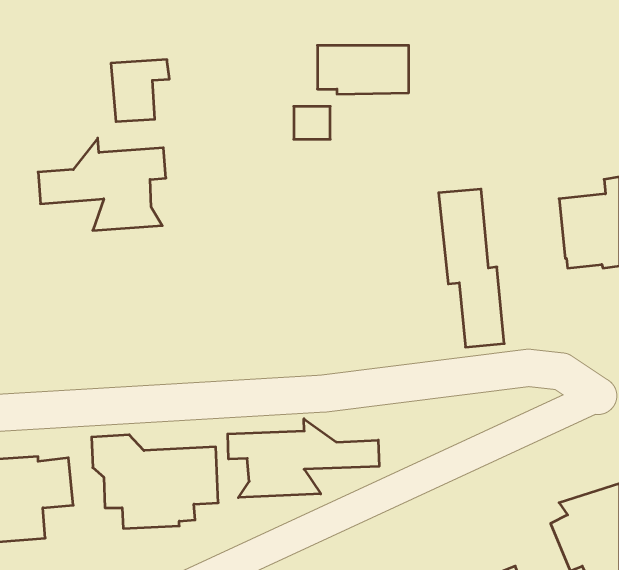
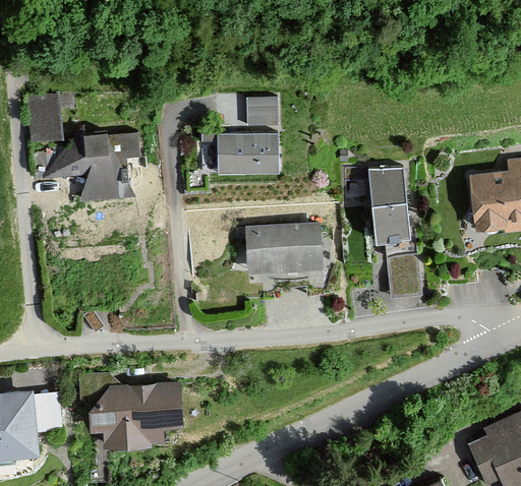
building: [317,45,409,94] -> [202,134,279,175]
building: [111,60,169,122] -> [26,90,75,142]
building: none -> [245,222,325,298]
building: [228,419,379,498] -> none

